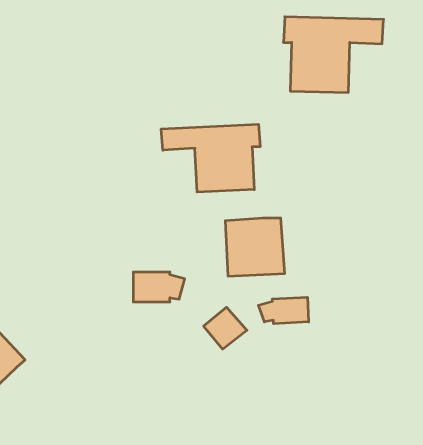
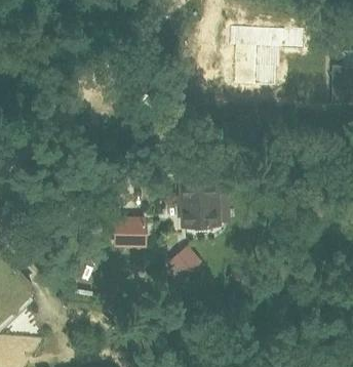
building: [161,124,260,192] -> none
building: [258,297,309,324] -> none

